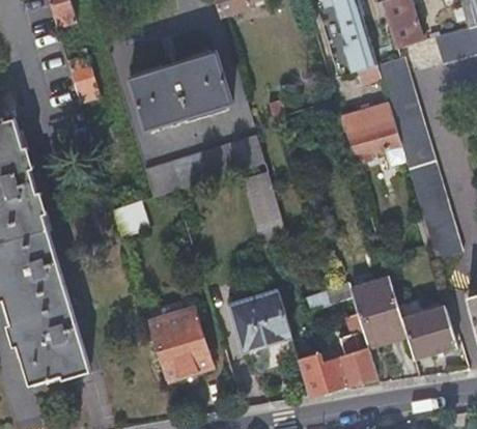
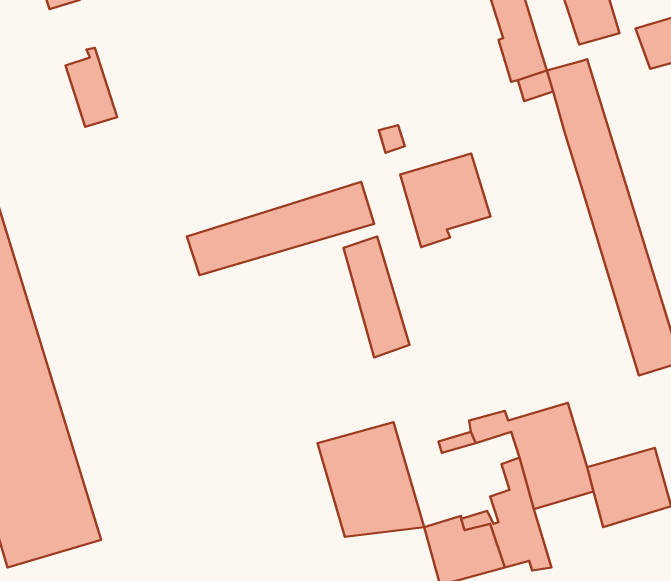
building: [131,51,233,128] -> none
building: [342,104,400,164] -> [400,154,490,247]
building: [148,308,212,378] -> none

